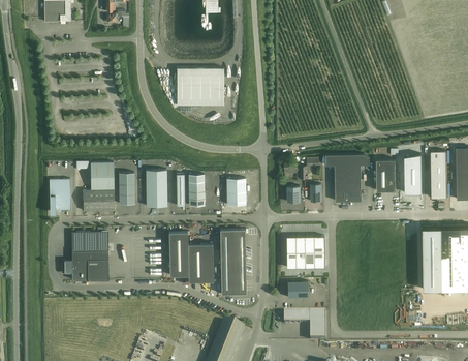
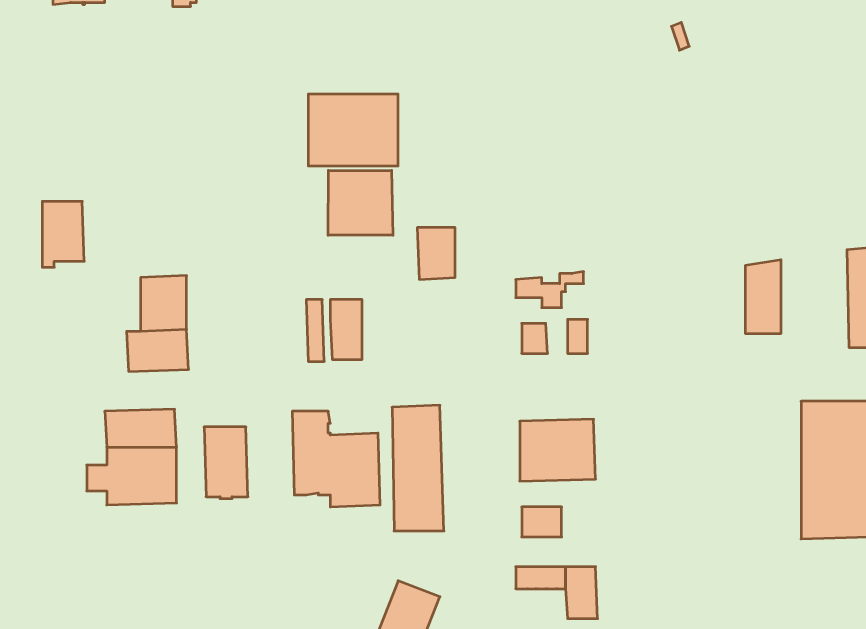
building: none -> [328,170,393,235]
building: [430,151,446,198] -> none
building: [324,154,369,201] -> none
building: [375,159,395,190] -> none
building: [145,170,167,207] -> [204,427,248,499]
building: [118,172,134,204] -> none
building: [225,178,245,205] -> [417,228,455,279]
building: [49,179,70,213] -> [42,201,84,267]

